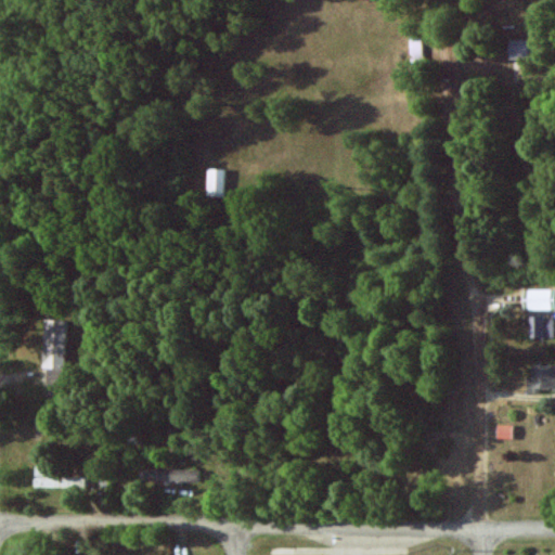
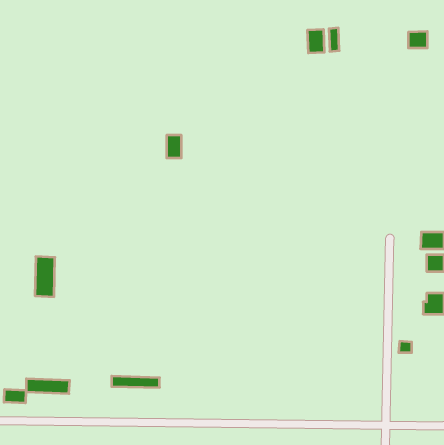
building: none -> [308,29,324,53]
building: none -> [4,389,26,403]

